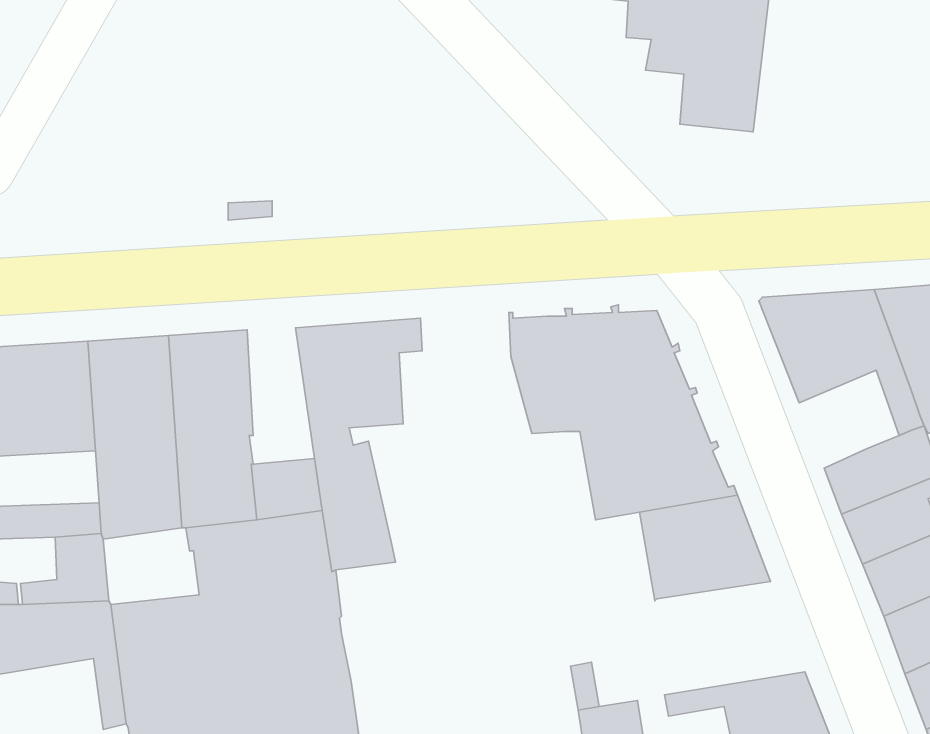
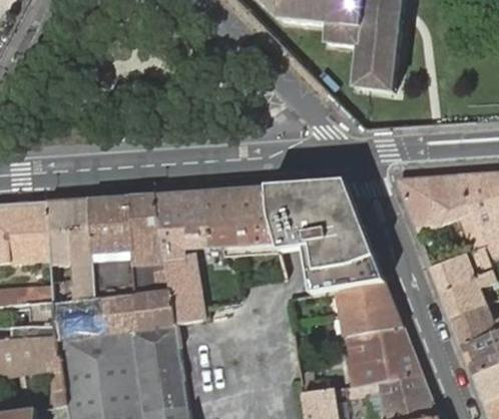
building: none -> [209,186,279,251]
building: none -> [130,194,165,266]
building: none -> [55,299,105,339]
building: none -> [344,327,421,387]

